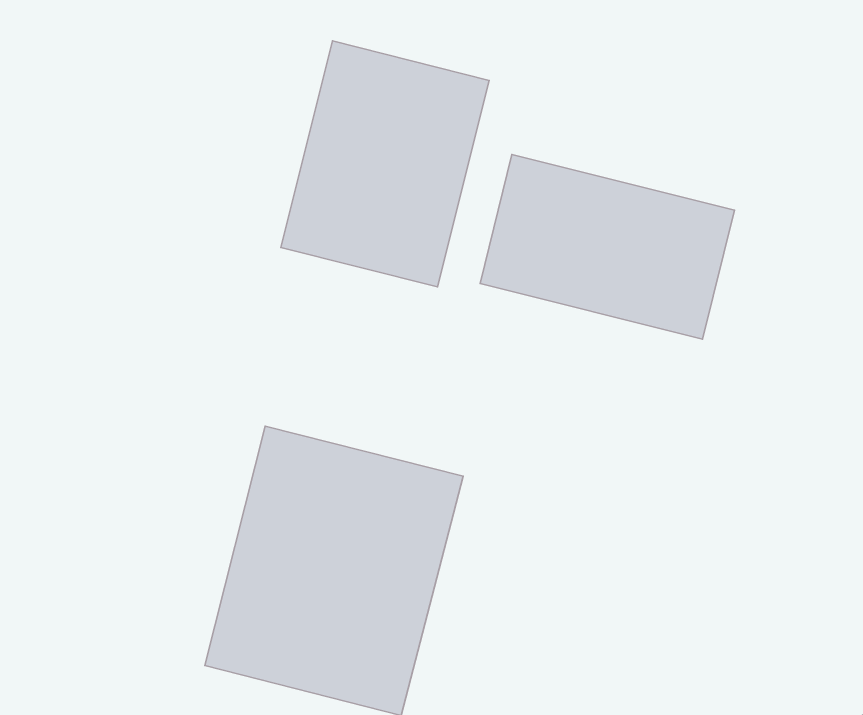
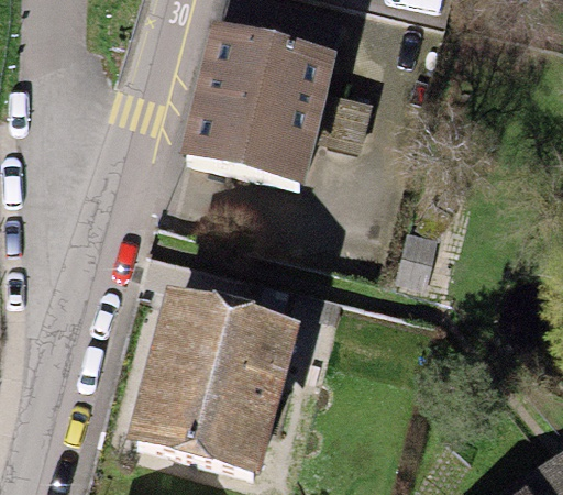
building: [480,154,734,339] -> none

